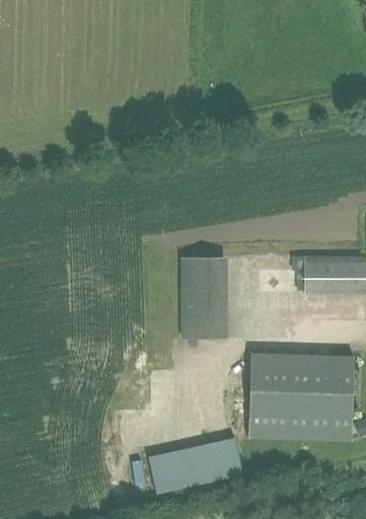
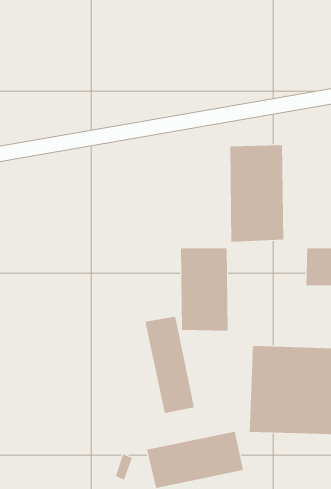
building: none -> [230,144,284,243]
building: none -> [145,316,195,414]

